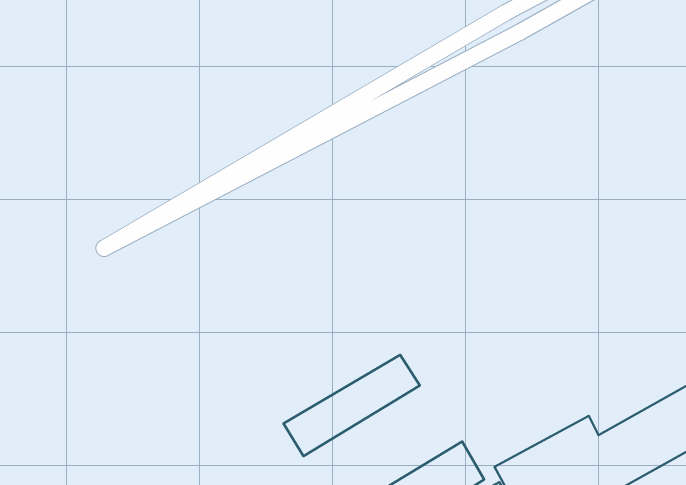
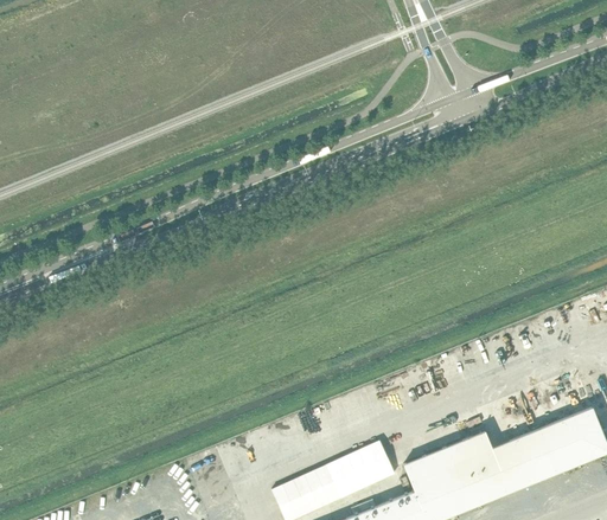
building: [284,355,420,456] -> none

